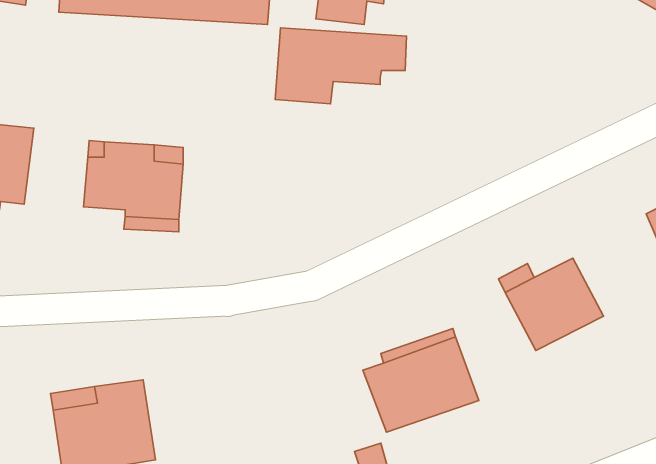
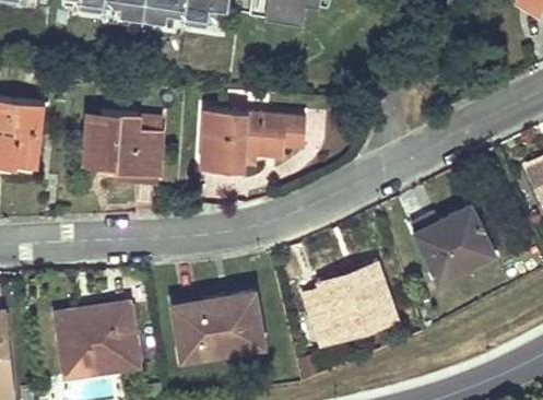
building: [275,28,406,104] -> [200,111,304,172]
building: none -> [174,292,265,361]

